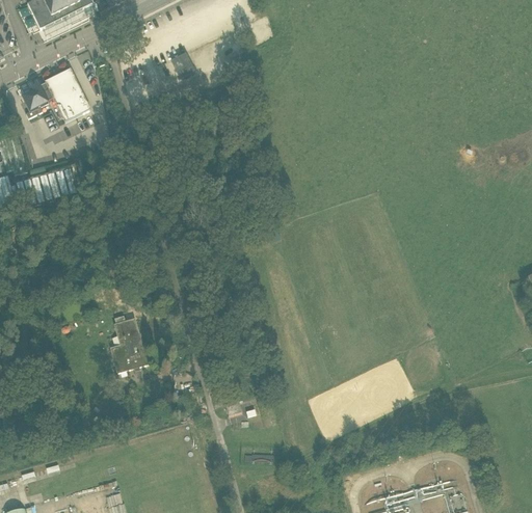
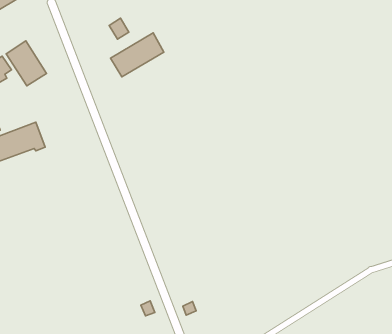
building: none -> [111,33,164,77]
building: [111,318,150,372] -> none

